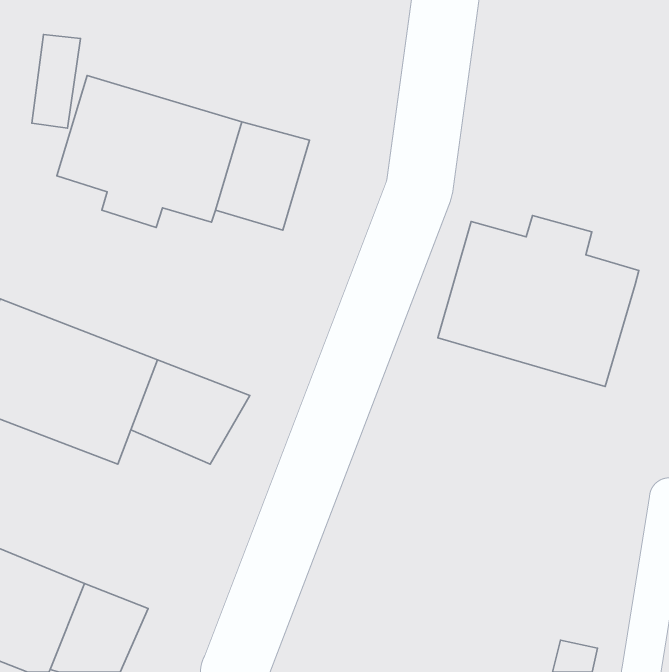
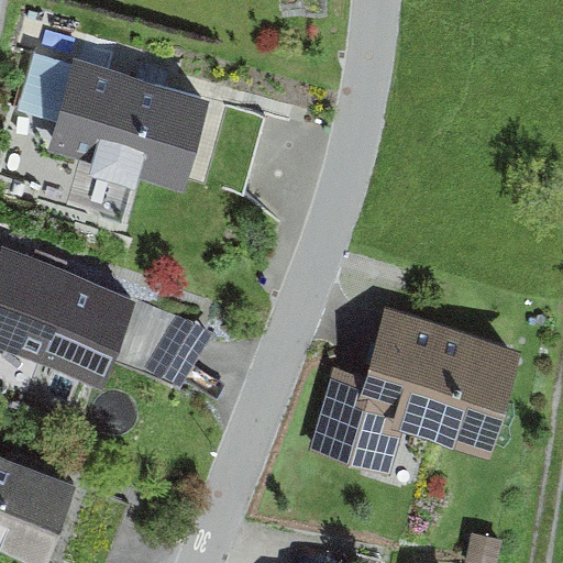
building: [438,216,639,387] -> none
building: none -> [311,314,509,464]

